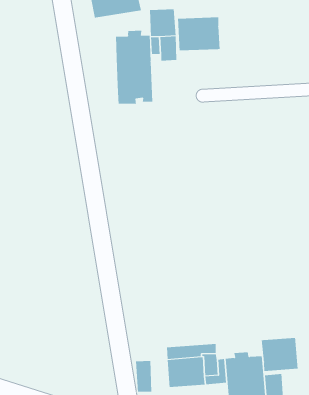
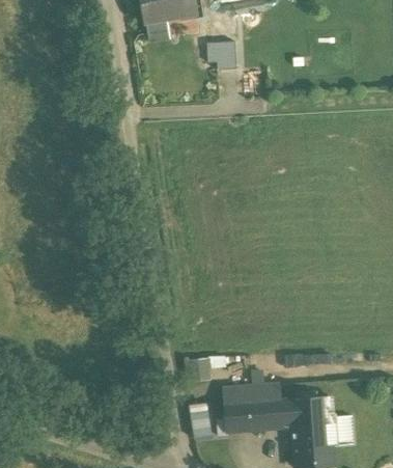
building: [177,17,220,51] -> none
building: [116,30,153,105] -> none
building: [261,337,298,372] -> none

